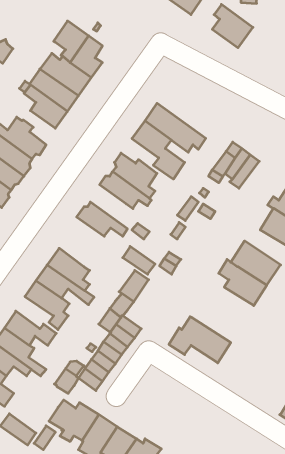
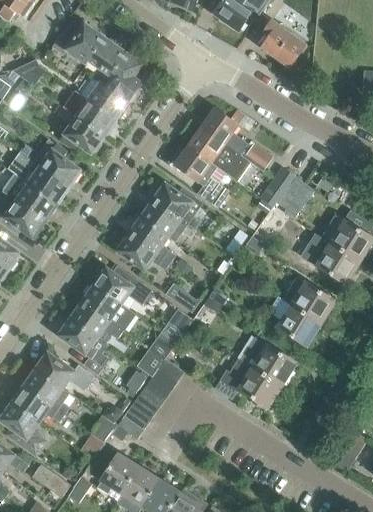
building: none -> [52,21,104,66]
building: none -> [201,108,271,170]
building: none -> [129,215,175,263]
building: none -> [95,265,151,305]
building: none -> [239,336,296,386]

